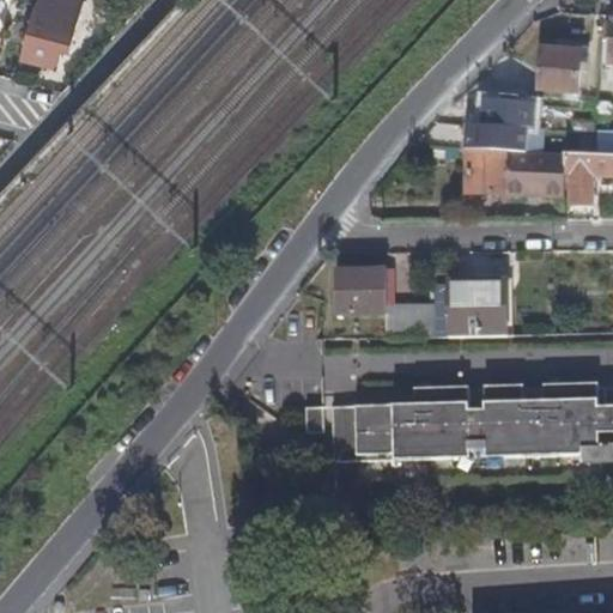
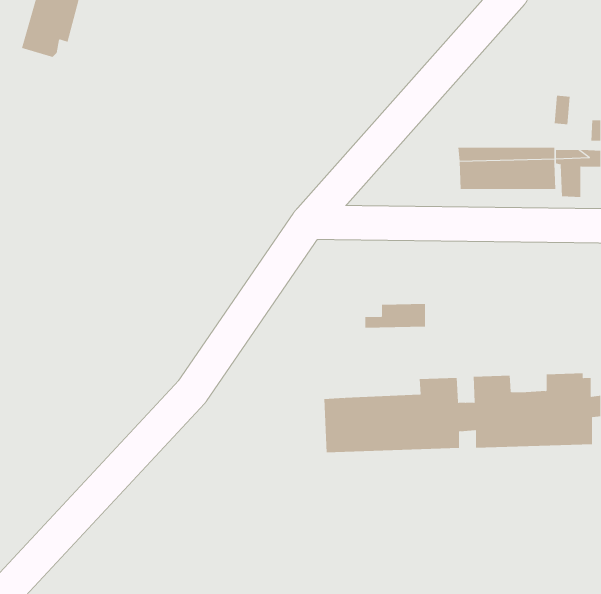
building: [538,42,581,85] -> none
building: [465,101,535,150] -> none
building: [338,265,387,309] -> none
building: [448,279,508,333] -> none

